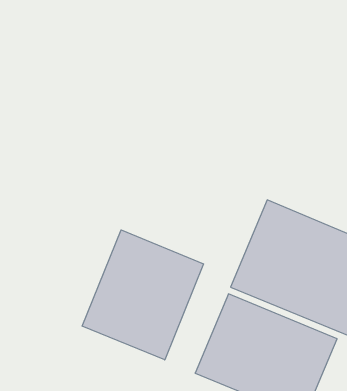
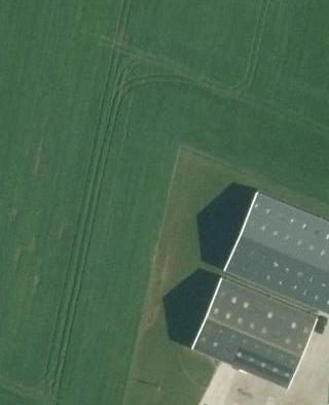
building: [82,230,204,360] -> none

